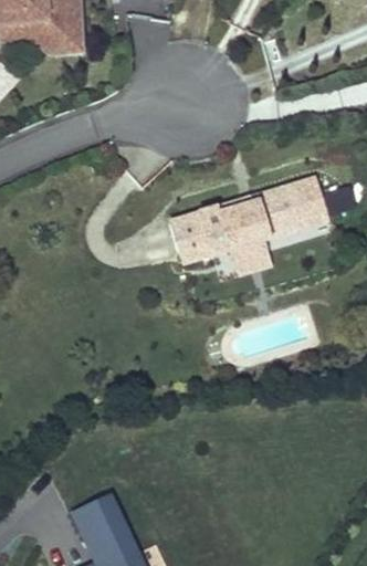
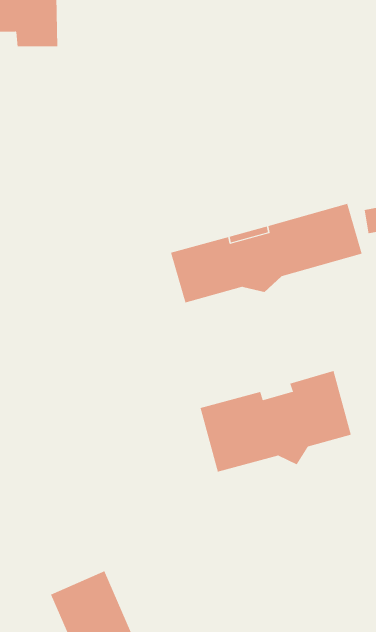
building: none -> [200,370,351,473]

